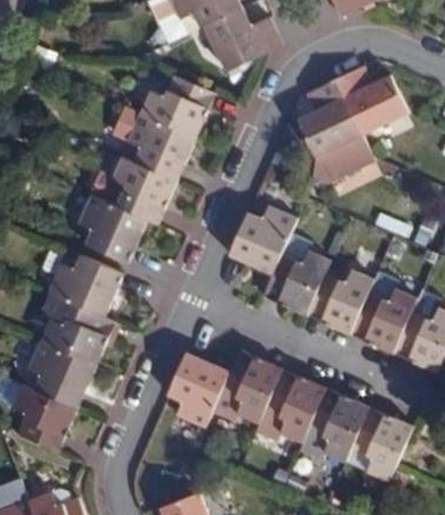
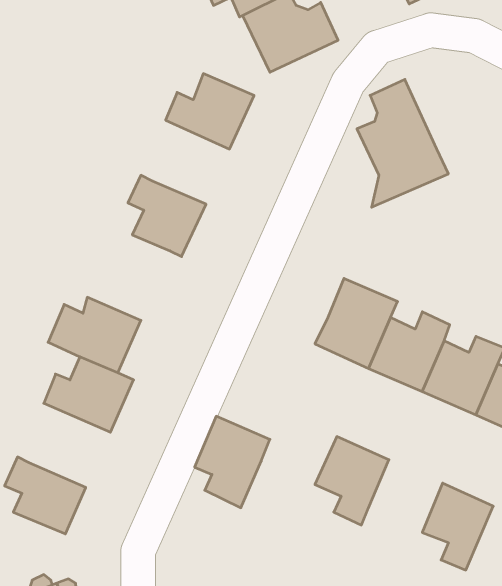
building: [337,66,411,136] -> none
building: [123,112,193,182] -> none
building: [76,195,145,261] -> none
building: [230,204,298,274] -> none
building: [24,343,96,413] -> none
building: [220,352,281,425] -> none
building: [307,390,368,463] -> none

